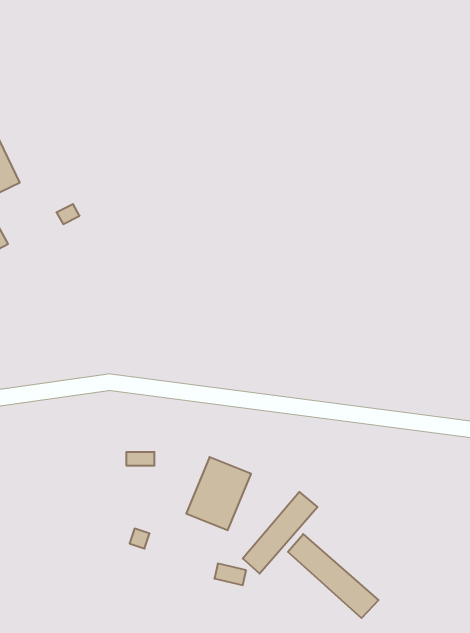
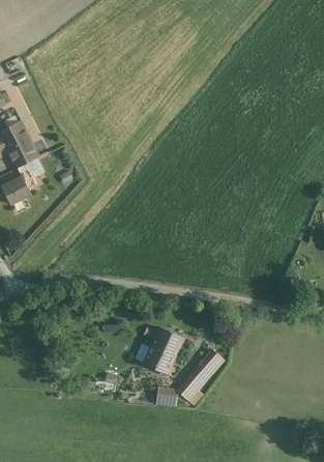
building: [288,534,379,618] -> none

